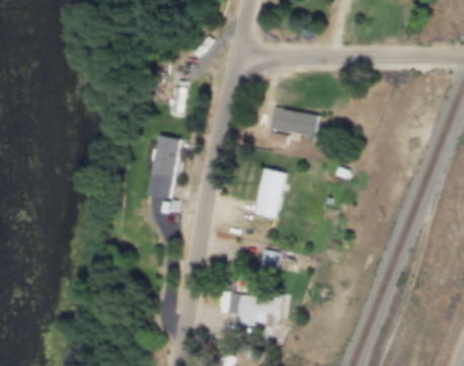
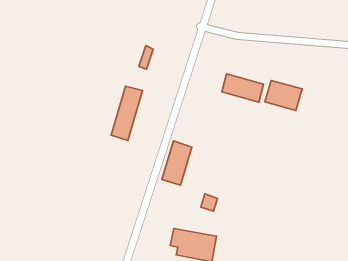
building: none -> [265,80,302,110]
building: [256,167,287,218] -> [162,141,192,185]

